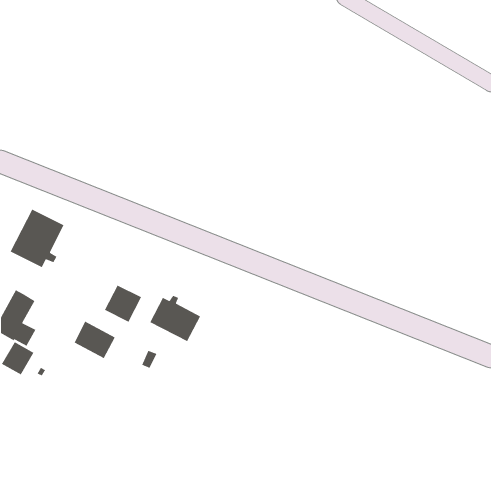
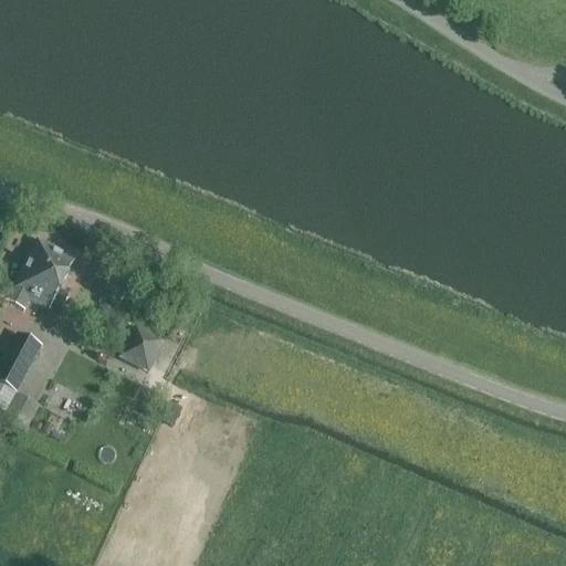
building: [149,295,201,342] -> none
building: [73,321,116,359] -> none

